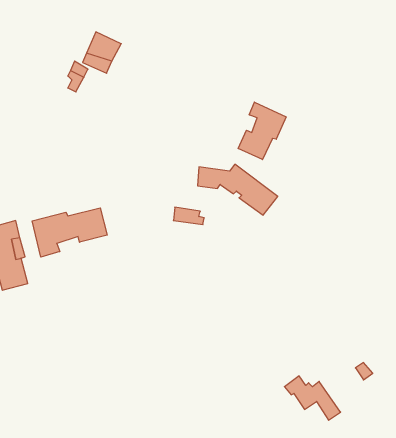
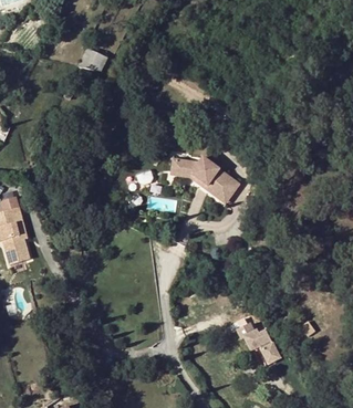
building: [238,102,286,160] -> none
building: [32,208,107,257] -> none

